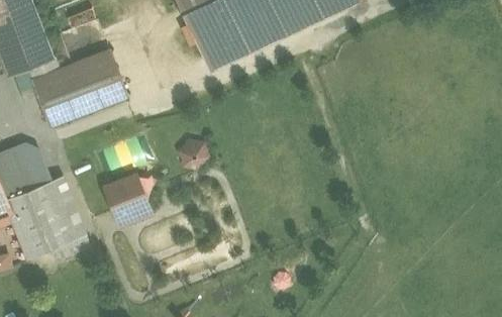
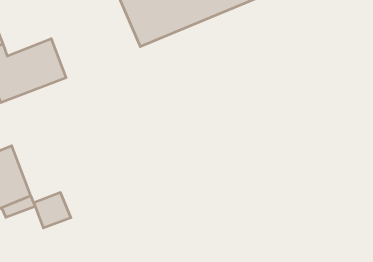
building: [179,139,208,168] -> none
building: [105,174,148,215] -> [34,193,71,228]

